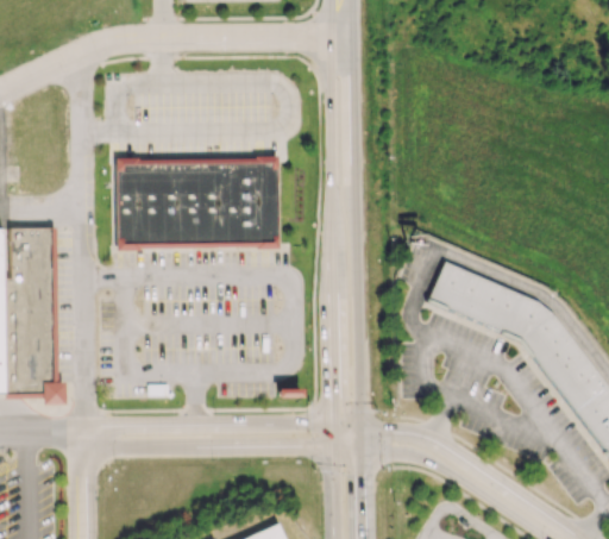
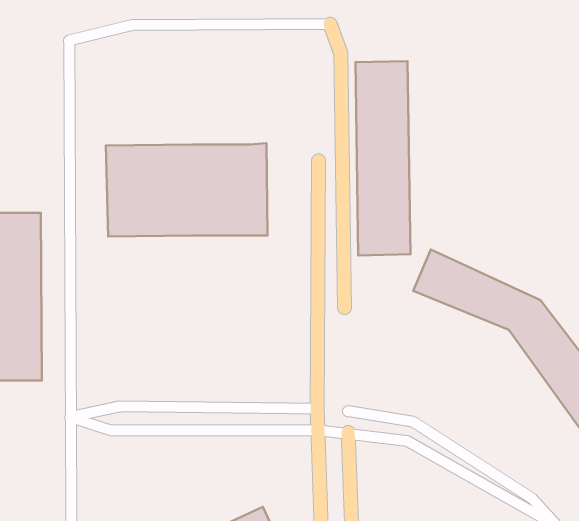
building: none -> [355,61,410,255]

